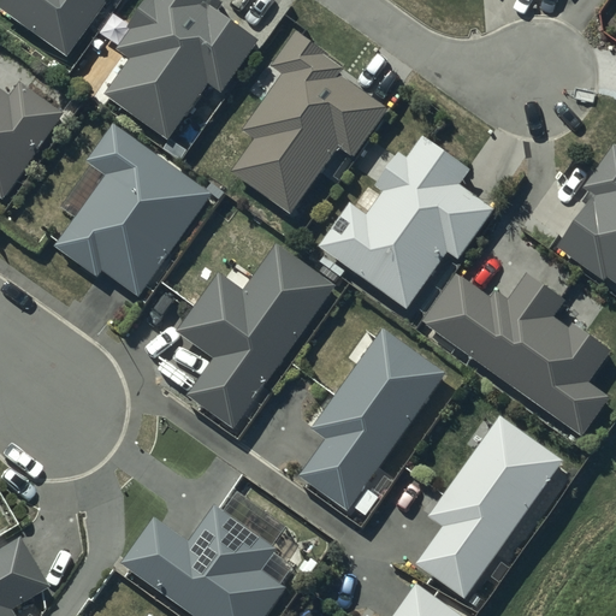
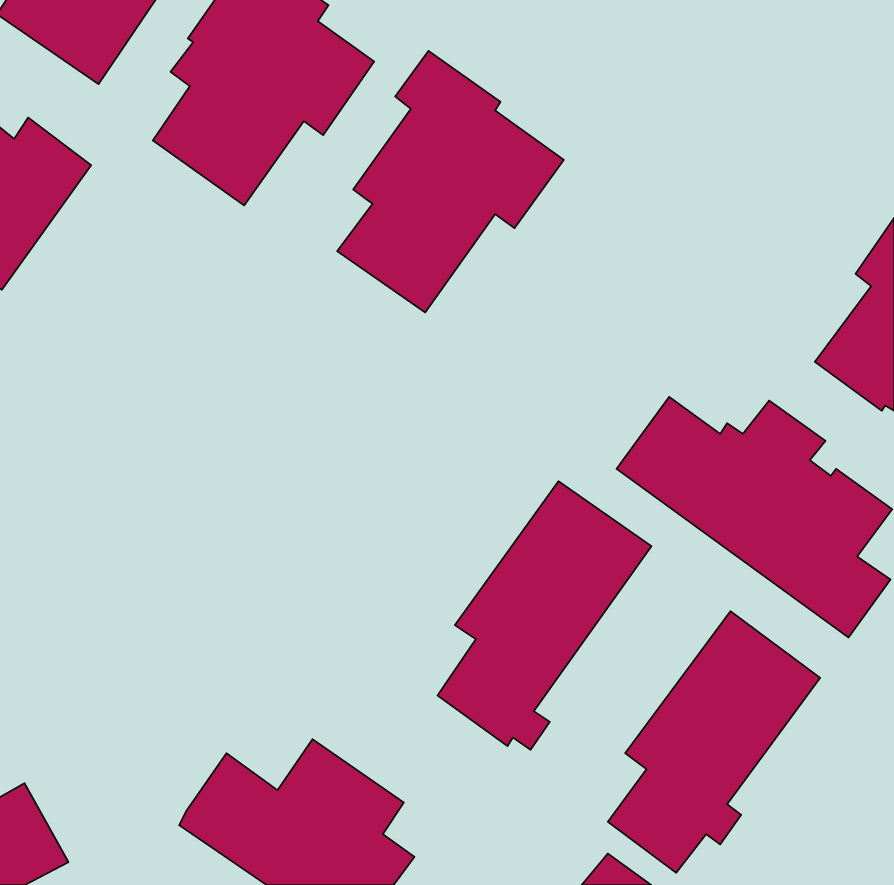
building: [54,123,213,297] -> none
building: [320,137,493,308] -> none
building: [177,247,333,428] -> none

